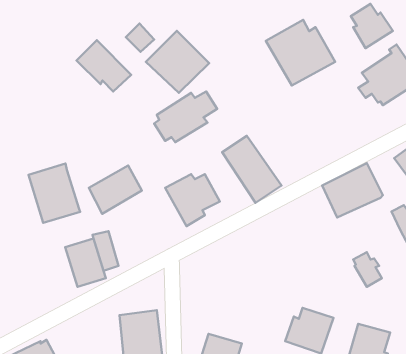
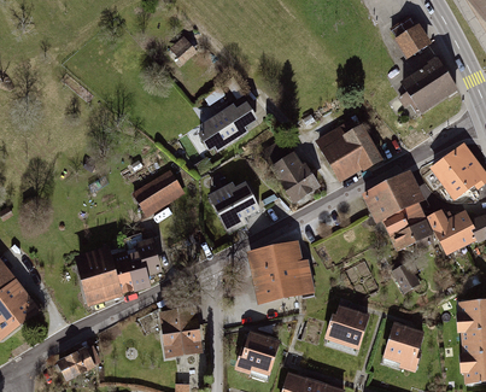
building: [266,20,335,85] -> [316,121,383,185]
building: [146,31,209,93] -> none
building: [76,40,131,91] -> none
building: [28,164,80,223] -> [72,244,123,302]
building: none -> [380,201,437,250]
building: none -> [247,240,316,300]

